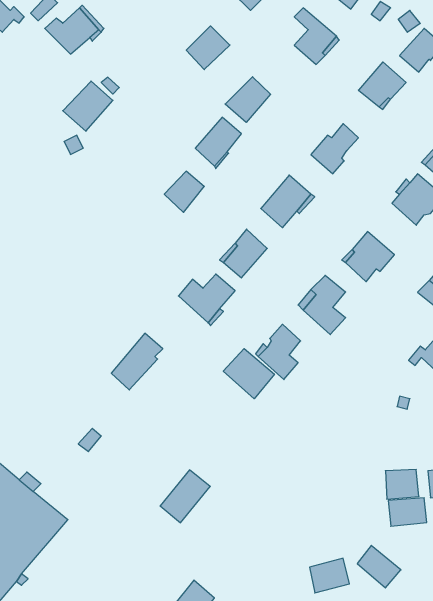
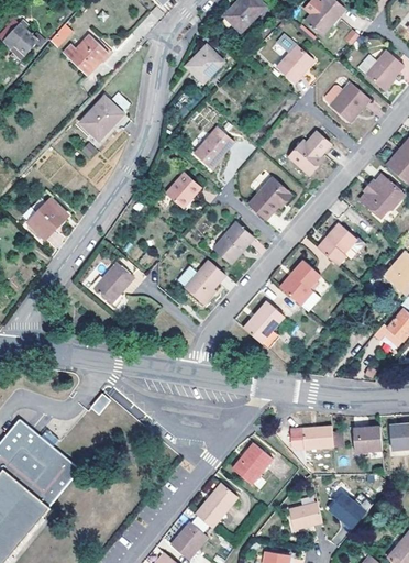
building: [225,77,271,122] -> none
building: none -> [30,199,69,239]
building: [111,333,163,390] -> [93,255,137,303]
building: [223,349,274,399] -> none
building: [160,470,210,523] -> [196,485,239,530]
building: none -> [237,438,277,478]
building: [388,498,427,526] -> [301,427,334,451]

